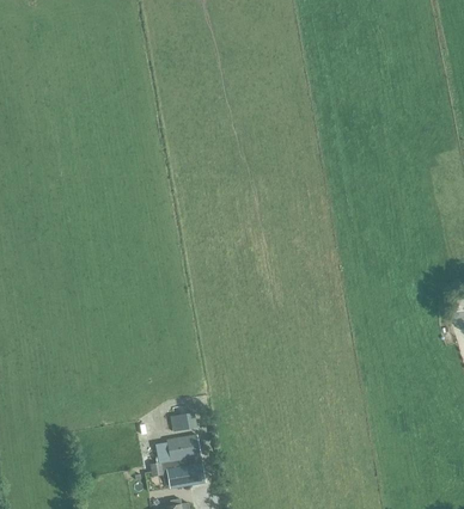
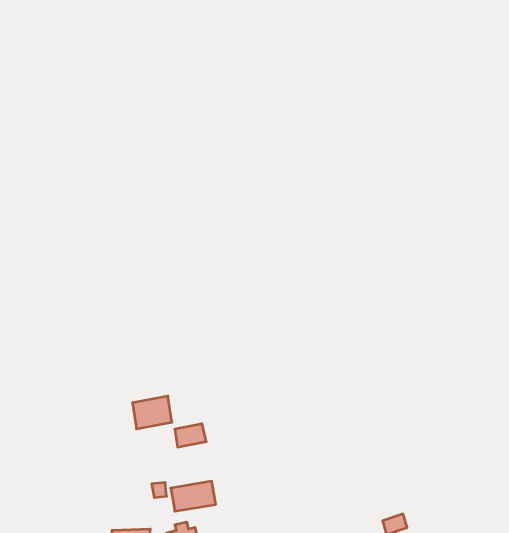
building: [165,431,200,460] -> [132,396,172,429]

